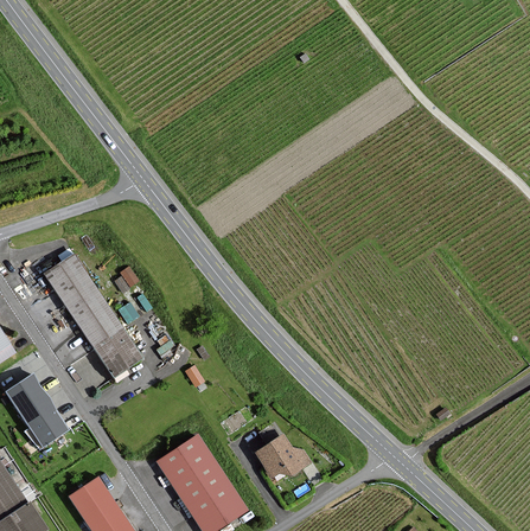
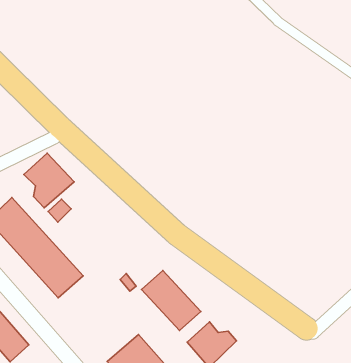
building: none -> [24,153,74,208]
building: none -> [142,270,201,331]

